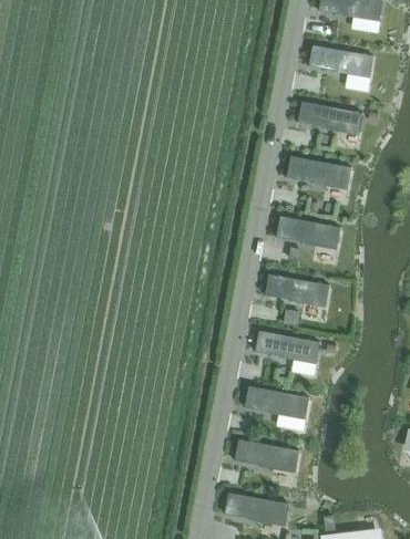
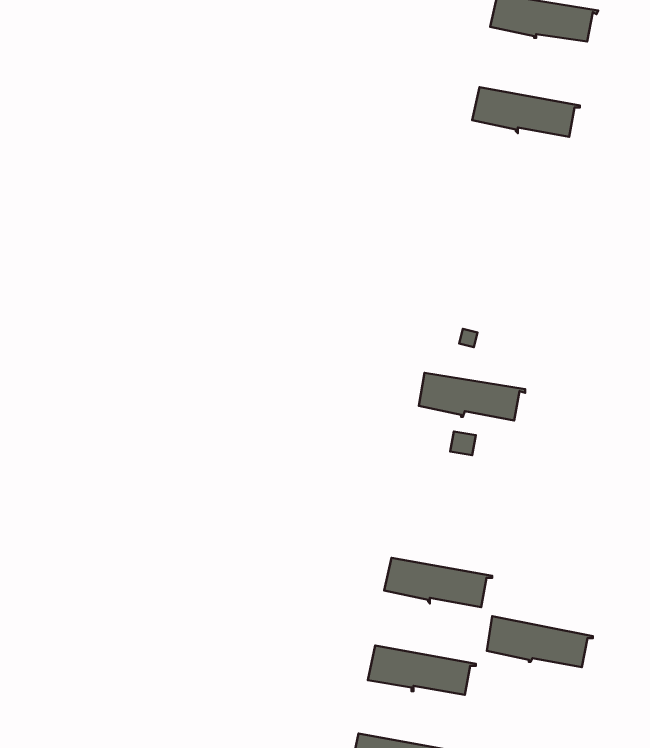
building: [287,156,352,186] -> none
building: [277,216,341,247] -> none
building: [256,330,320,361] -> [487,616,593,667]

